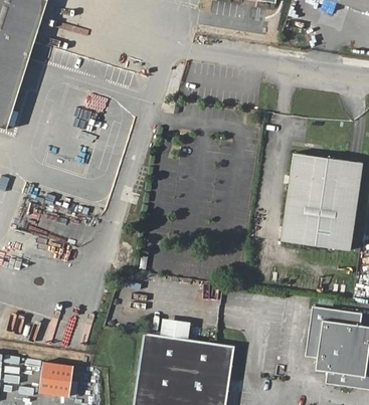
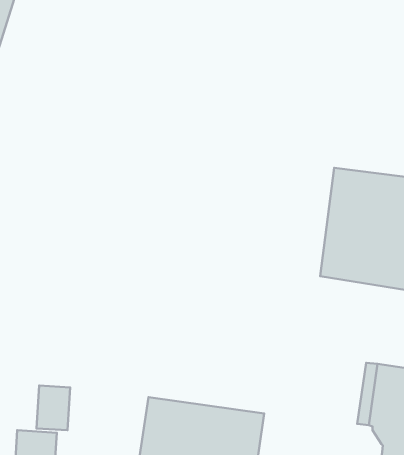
building: none -> [36,385,70,430]

